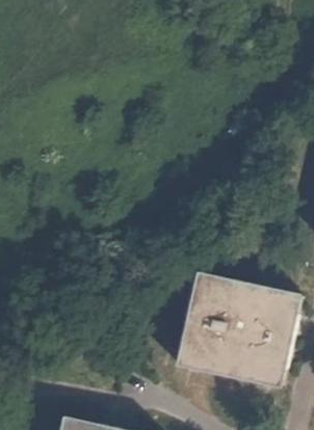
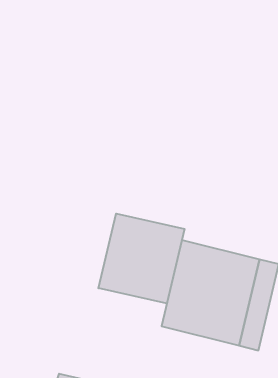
building: none -> [98,214,185,303]

